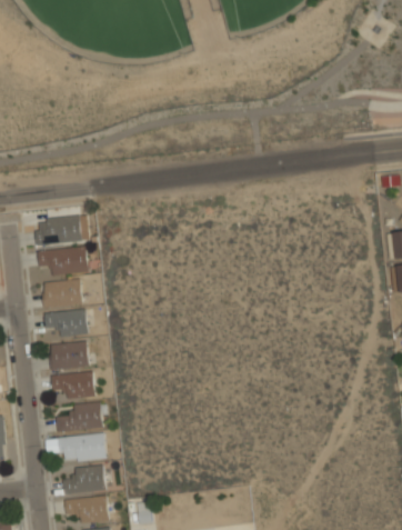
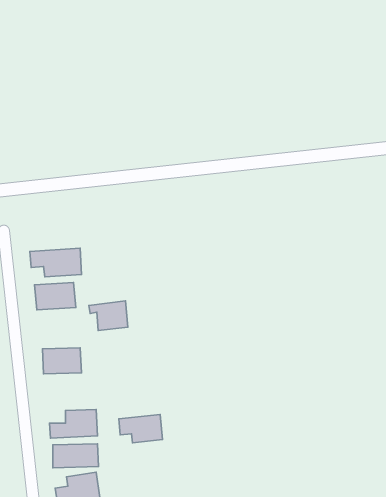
building: [34,217,80,243] -> none
building: [47,310,84,339] -> [89,301,128,331]
building: [50,372,92,400] -> [119,414,162,443]

